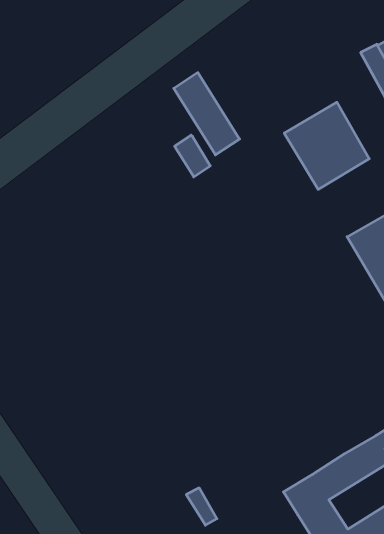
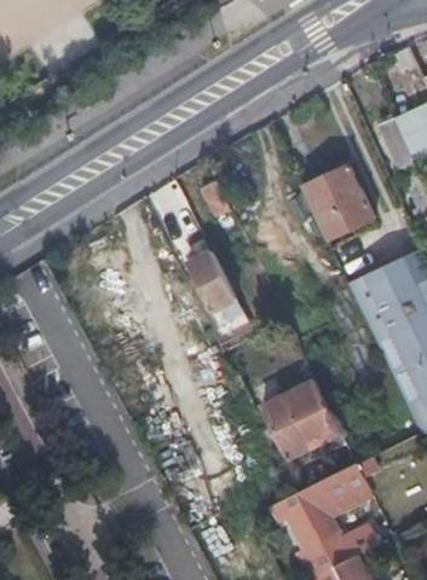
building: [174,73,240,155] -> [189,251,243,326]
building: none -> [261,379,342,459]

